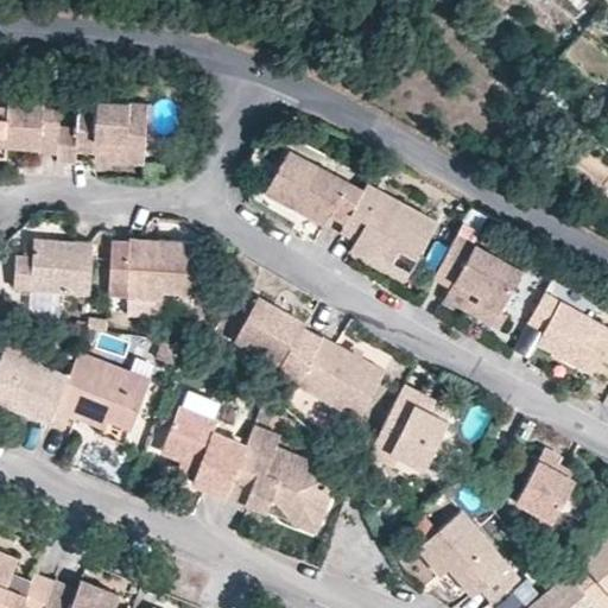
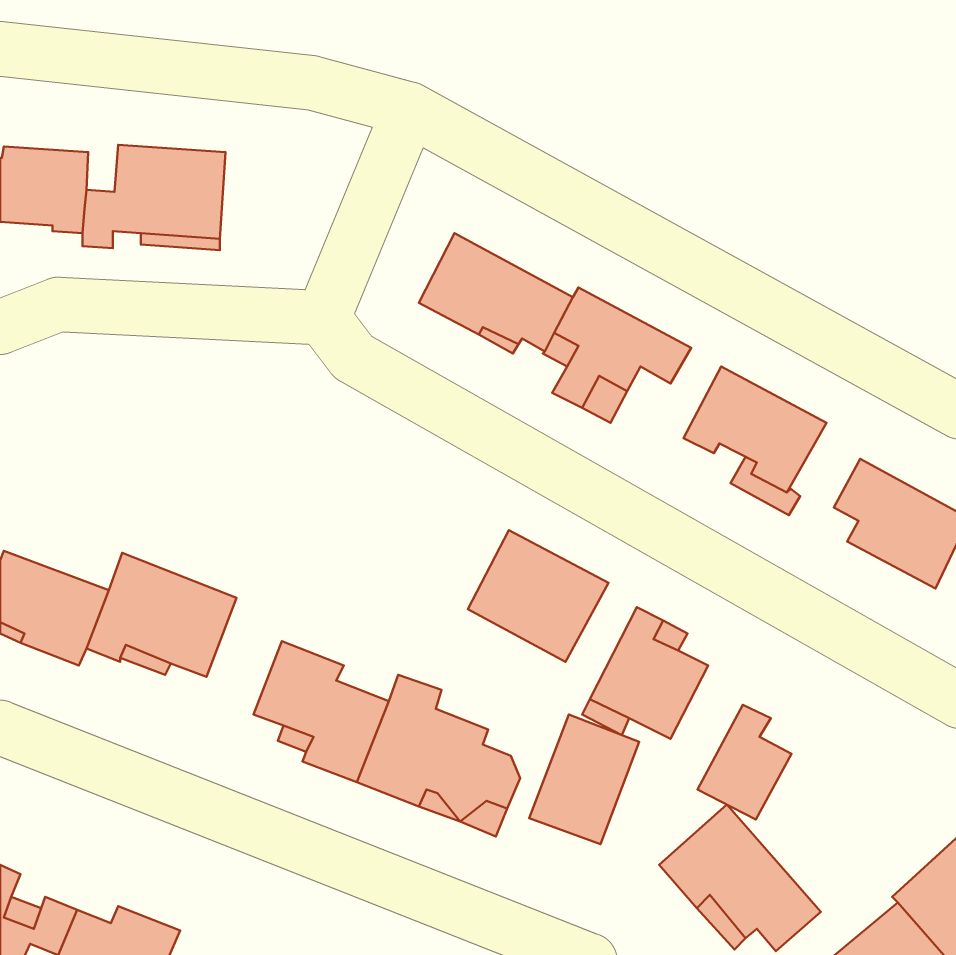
building: [109,240,198,315] -> none
building: [17,241,95,294] -> none
building: [236,299,324,382] -> none
building: [513,445,572,518] -> [698,705,792,820]
building: none -> [529,714,639,844]

